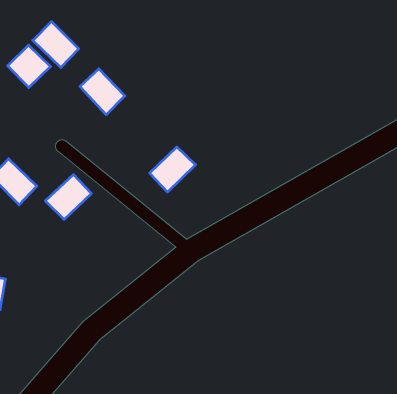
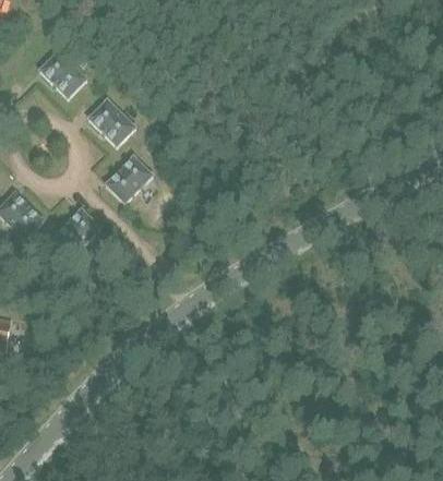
building: [8,45,51,88] -> none
building: [150,147,196,192] -> [109,152,157,199]

